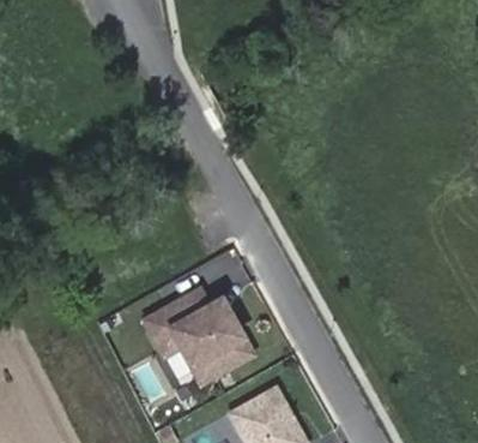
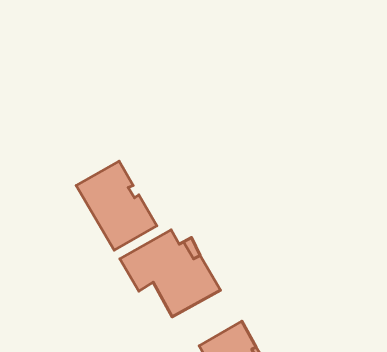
building: none -> [76,161,157,250]

